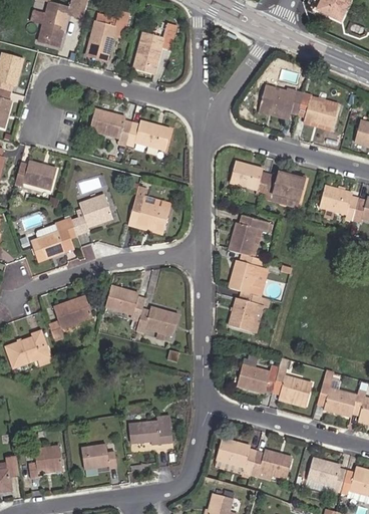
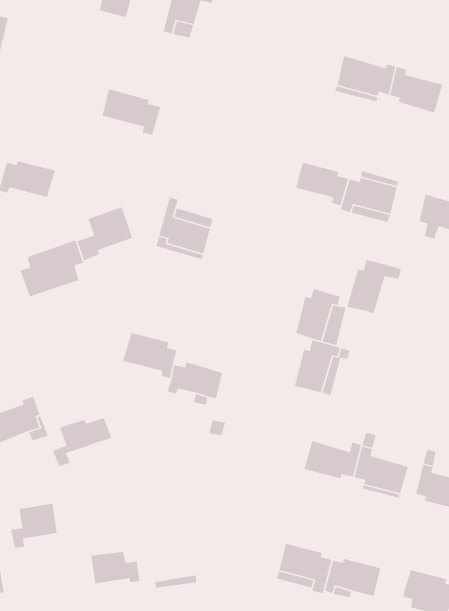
building: [126,121,170,150] -> none
building: [229,216,269,256] -> [346,259,402,314]
building: [48,301,92,337] -> [52,417,113,467]
building: [128,415,172,444] -> none
building: [28,445,62,478] -> [10,503,57,549]

